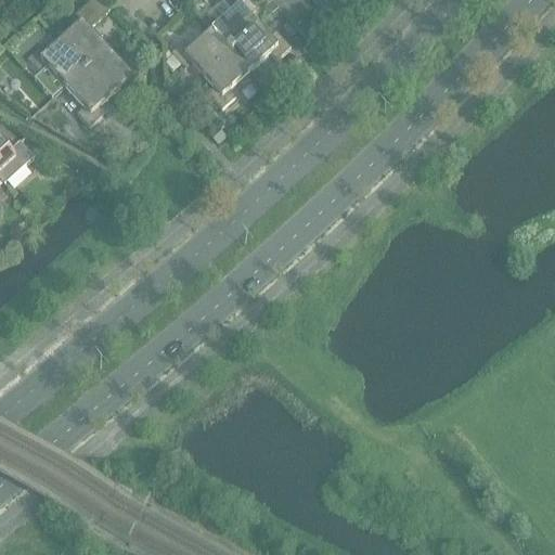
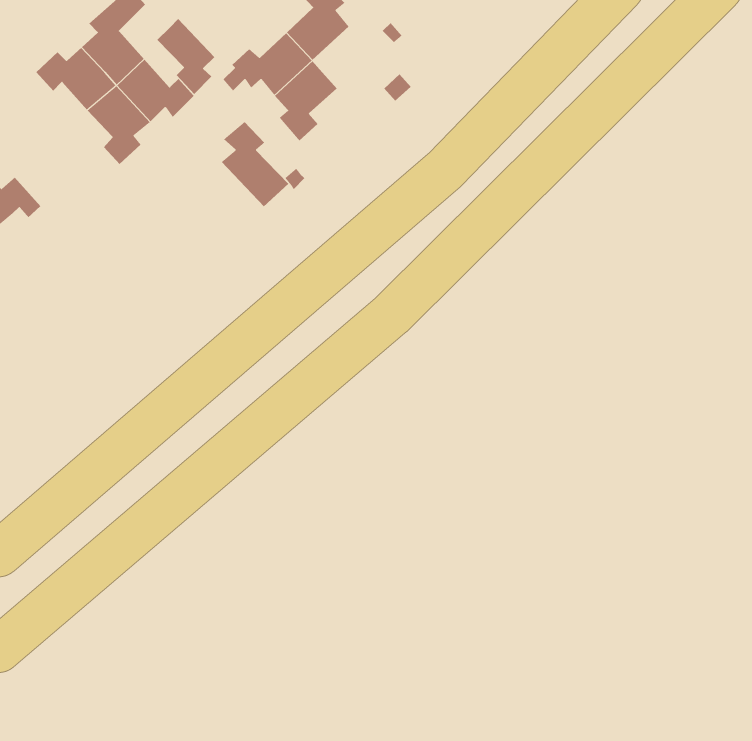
building: none -> [157,18,215,95]
building: [230,20,288,65] -> none
building: none -> [221,121,289,207]

